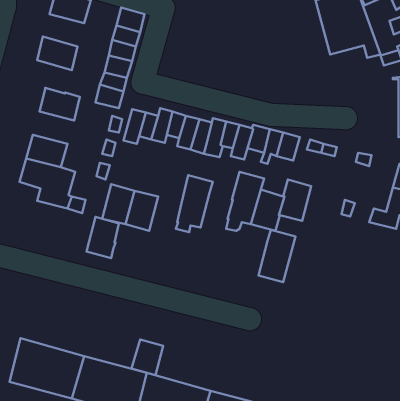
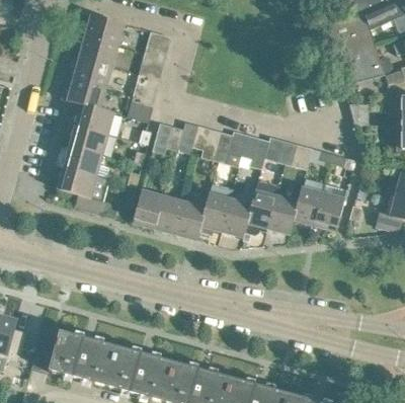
building: none -> [79,36,116,66]
building: none -> [62,78,105,108]
building: none -> [70,125,107,154]
building: none -> [222,198,251,236]
building: [86,217,119,258] -> [175,202,205,239]
building: [259,230,296,282] -> [314,182,347,230]
building: [132,340,163,375] -> none

